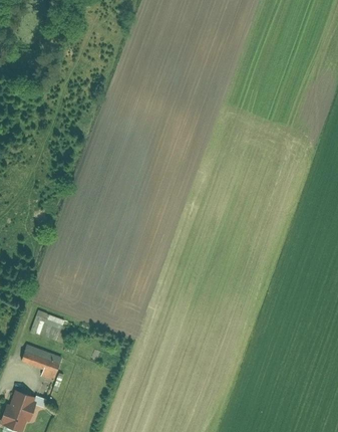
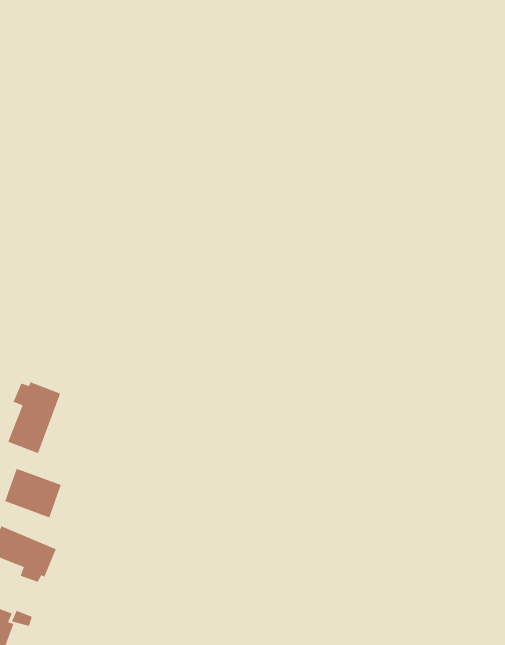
building: none -> [7,381,61,454]

